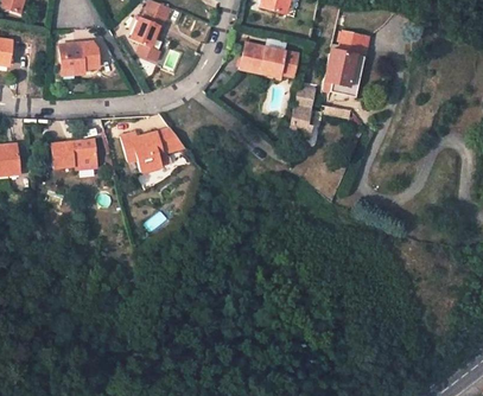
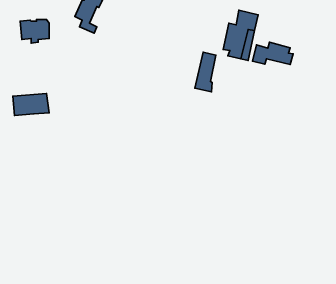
building: [239,43,284,74] -> none
building: none -> [252,42,293,64]
building: [121,128,184,171] -> none

